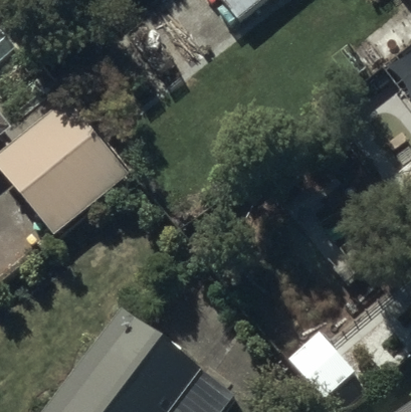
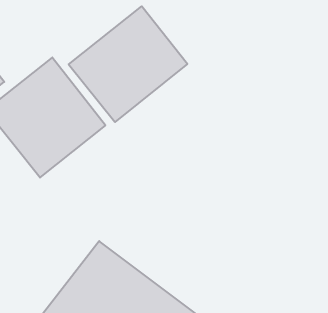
building: none -> [69,6,187,122]

